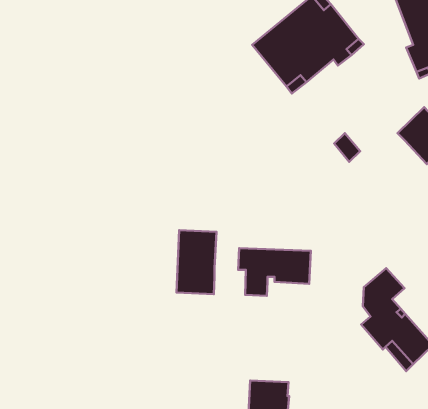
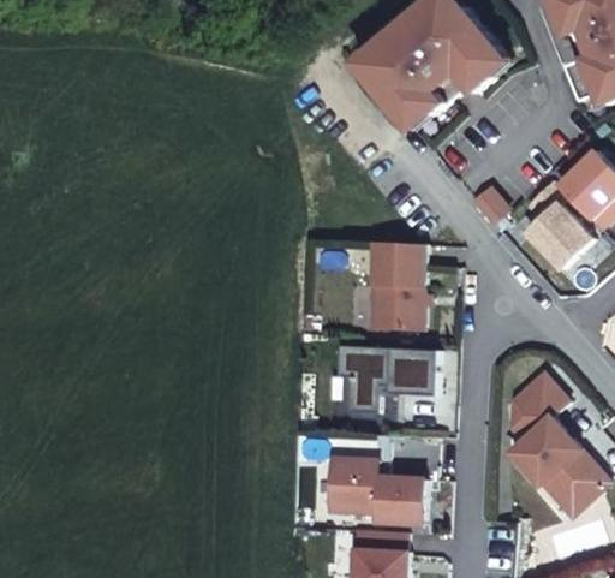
building: none -> [526,181,591,269]
building: [177,230,216,294] -> [369,242,424,330]
building: none -> [326,458,424,524]

